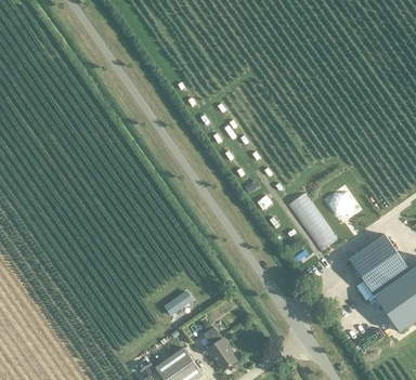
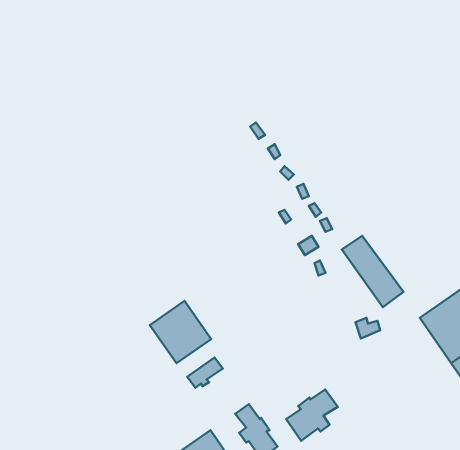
building: none -> [150,301,211,363]
building: none -> [286,389,338,441]

